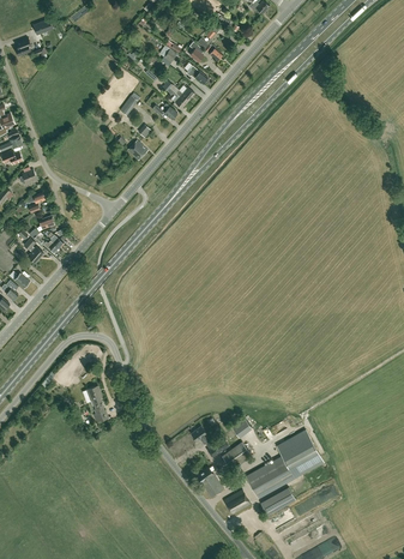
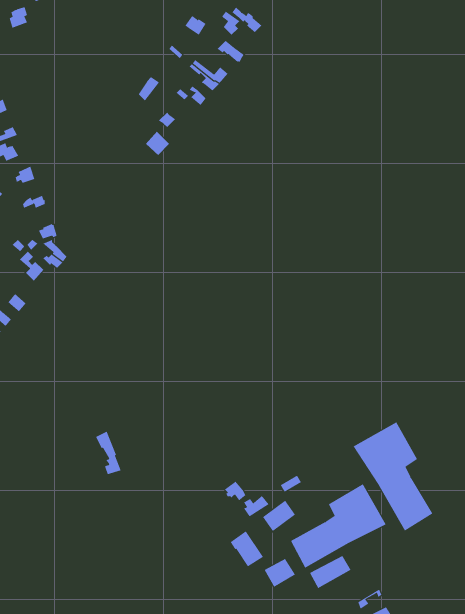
building: none -> [353,421,433,532]

